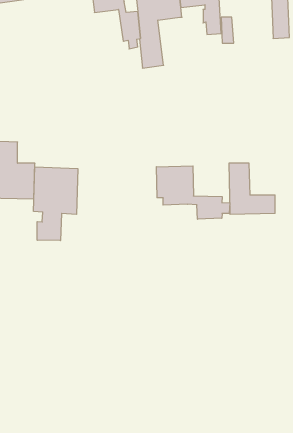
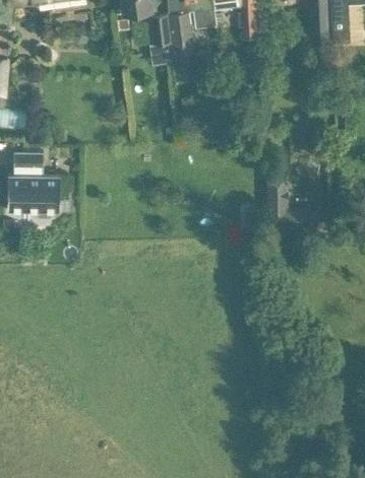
building: [156,166,230,219] -> none
building: [34,167,78,241] -> none

